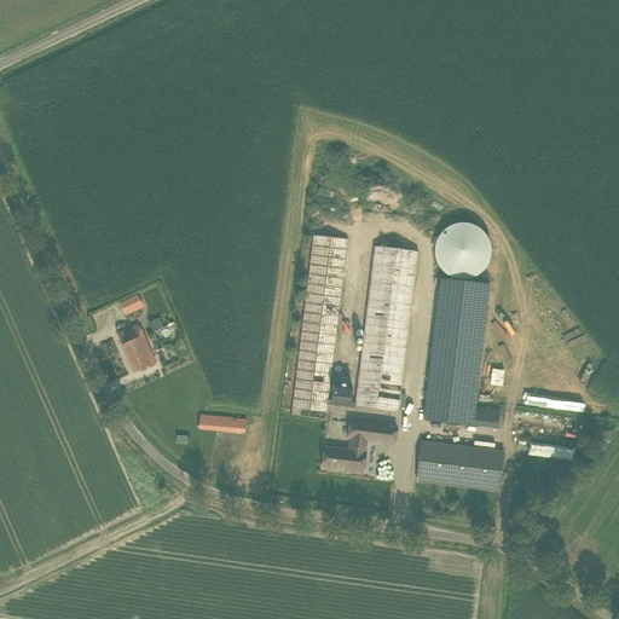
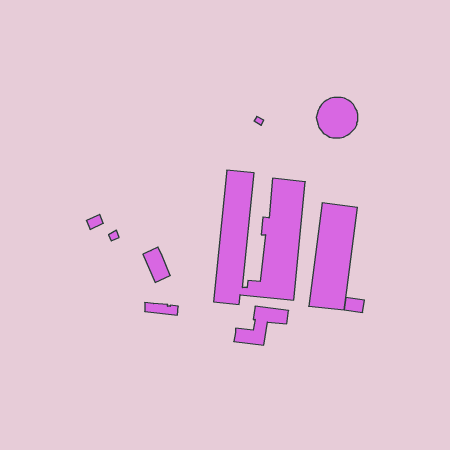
building: [433,222,490,278] -> [316,97,358,138]
building: [116,324,154,372] -> [143,247,170,282]
building: [416,441,503,490] -> none

